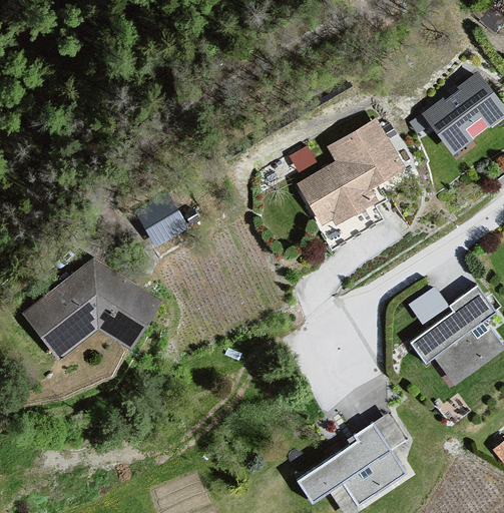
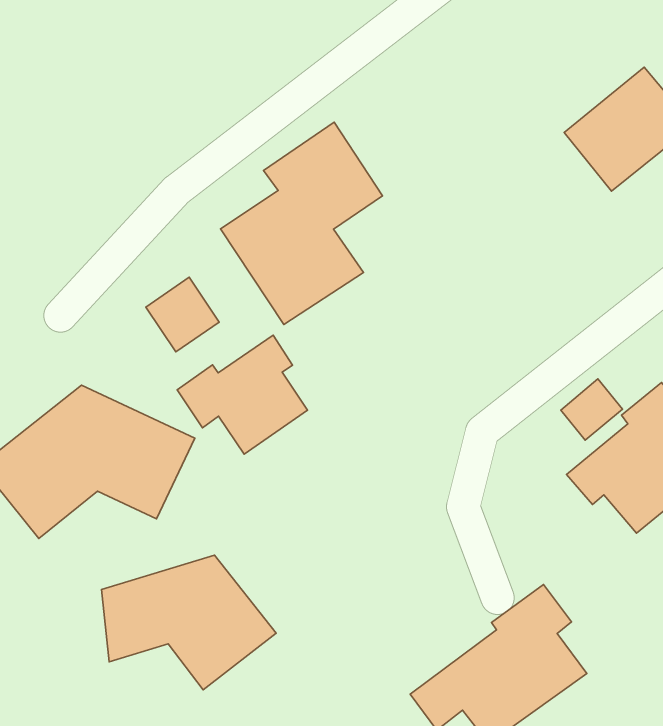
building: [296,117,405,249] -> [220,122,383,324]
building: none -> [177,335,308,454]
building: none -> [102,555,276,690]

